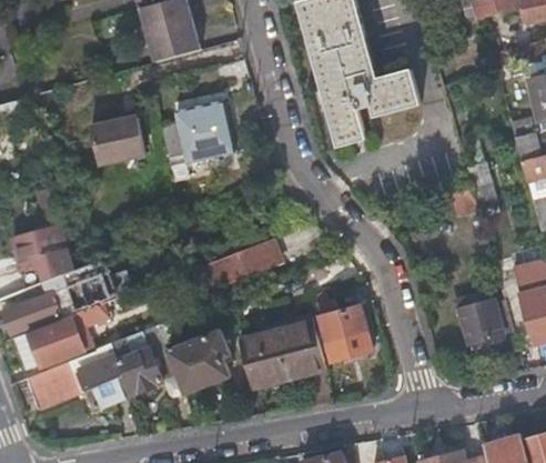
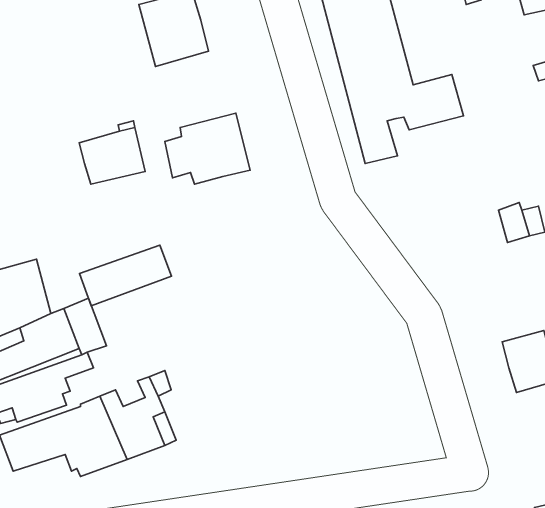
building: [206,238,285,290] -> [80,245,172,306]
building: [317,301,372,360] -> none
building: [239,315,323,392] -> none
building: [166,333,236,401] -> none

